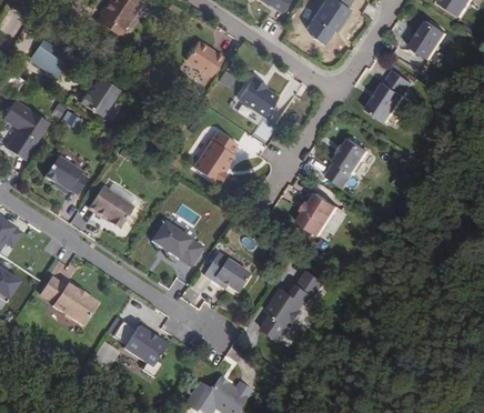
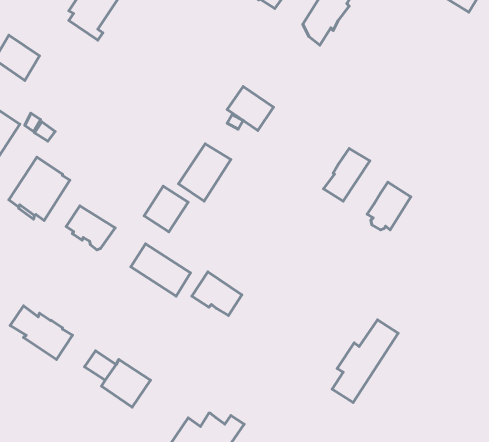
building: [410,17,446,57] -> none
building: [188,42,226,78] -> none
building: [366,68,412,120] -> none
building: [80,78,119,119] -> none
building: none -> [144,186,188,232]
building: [299,191,339,234] -> [367,182,411,230]
building: [265,270,325,345] -> [332,320,398,403]

